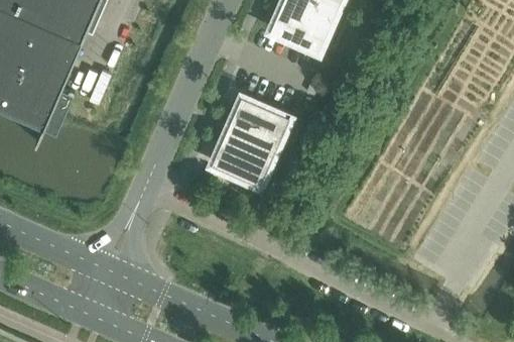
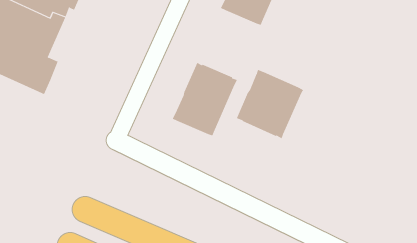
building: none -> [236,69,304,139]

